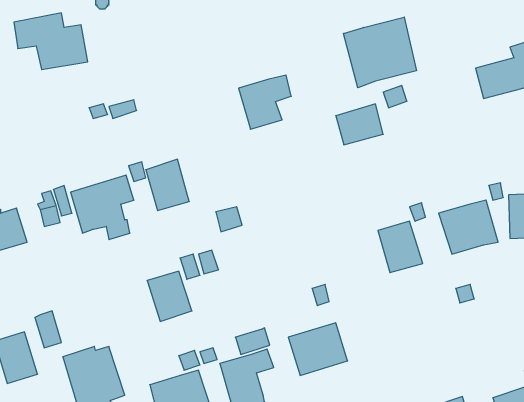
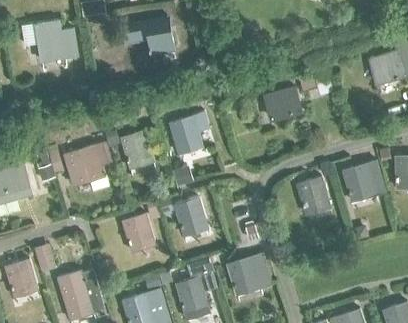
building: none -> [146,19,172,52]
building: [343,17,416,88] -> none
building: [239,75,291,129] -> [169,112,209,153]
building: none -> [174,197,208,236]

